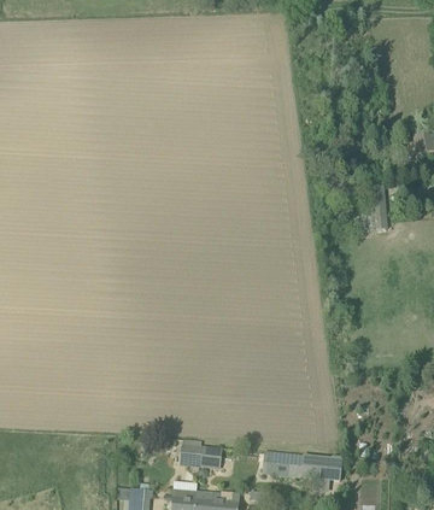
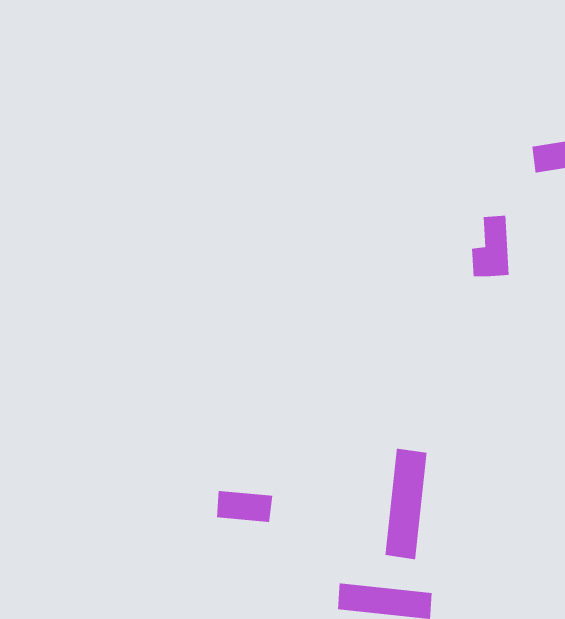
building: none -> [385,448,427,560]
building: [181,444,222,467] -> [216,491,273,522]

